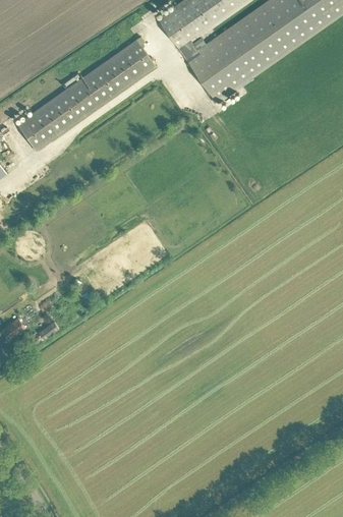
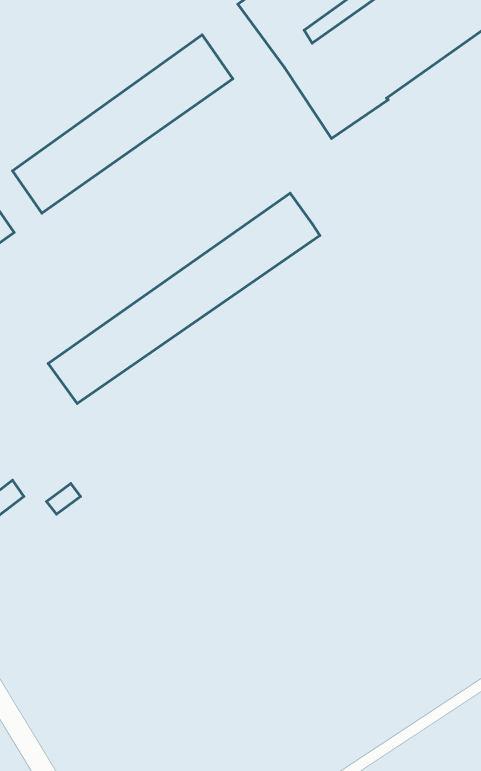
building: none -> [48,193,320,404]

